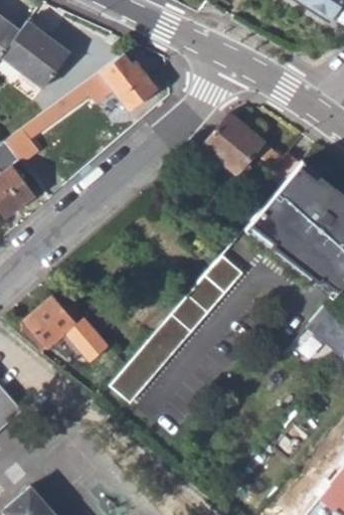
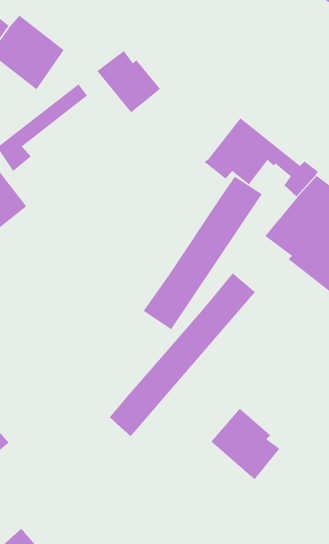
building: none -> [143,176,263,330]
building: [23,296,111,364] -> none
building: none -> [210,408,280,480]

